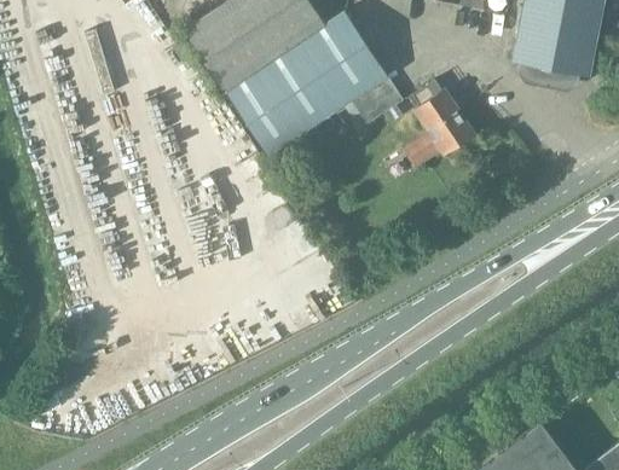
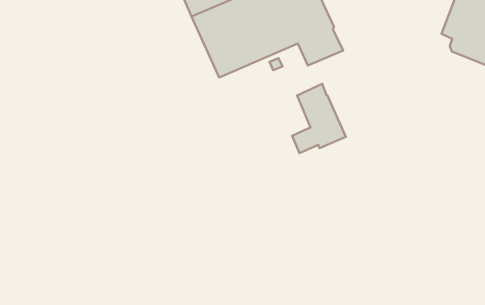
building: [410,79,474,162] -> [292,84,346,153]

